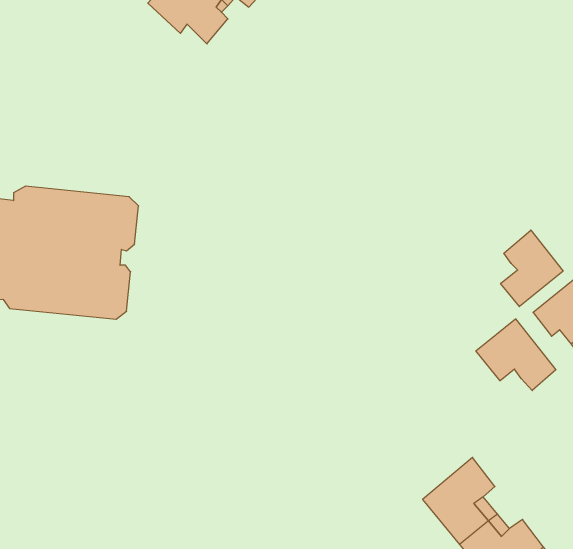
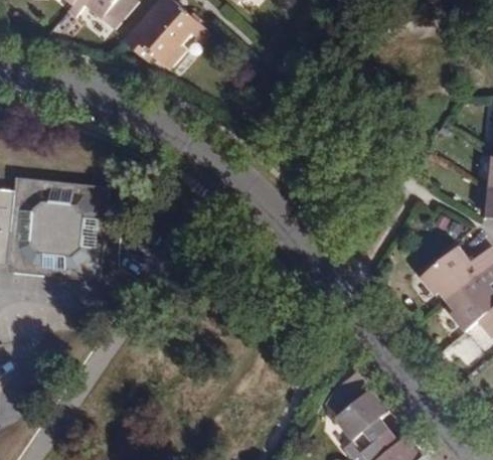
building: [501,230,563,307] -> none
building: [476,319,556,391] -> none

